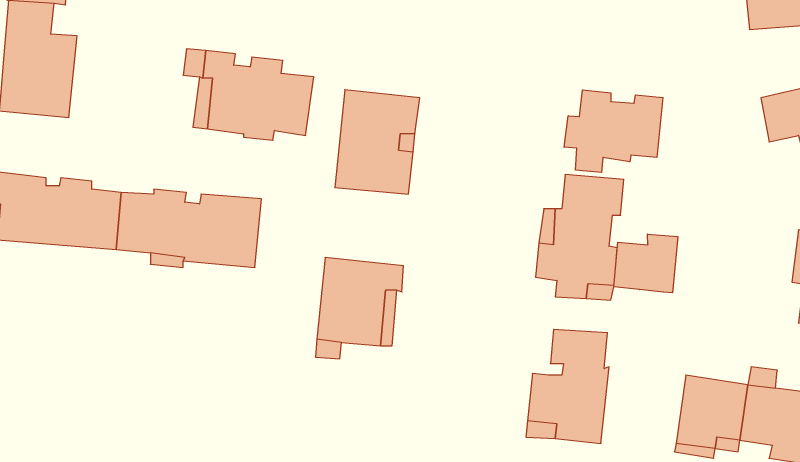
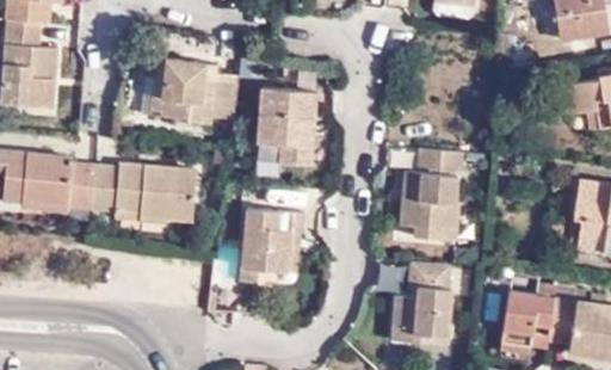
building: [564,90,663,172] -> none
building: [614,234,678,293] -> none

